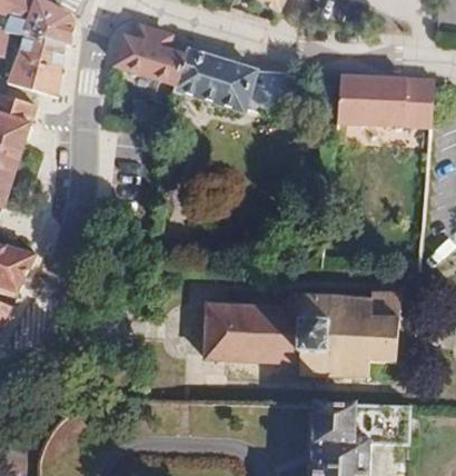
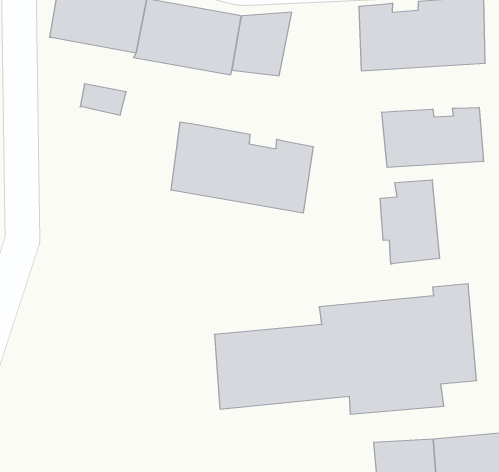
building: none -> [171,122,313,213]
building: none -> [382,107,483,167]
building: none -> [380,180,439,264]

